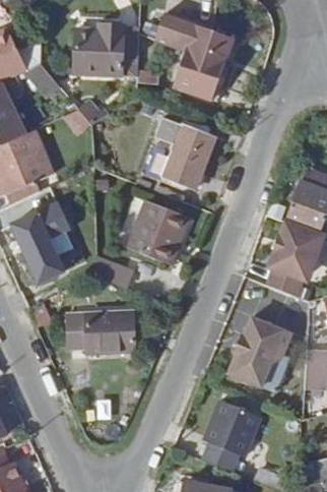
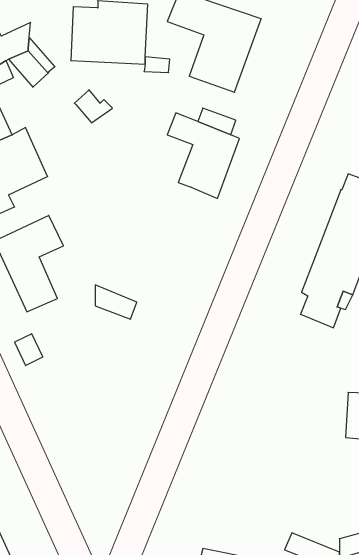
building: [129,199,191,264] -> none
building: [66,312,136,354] -> none
building: [226,317,288,387] -> none
building: [202,398,262,456] -> none

